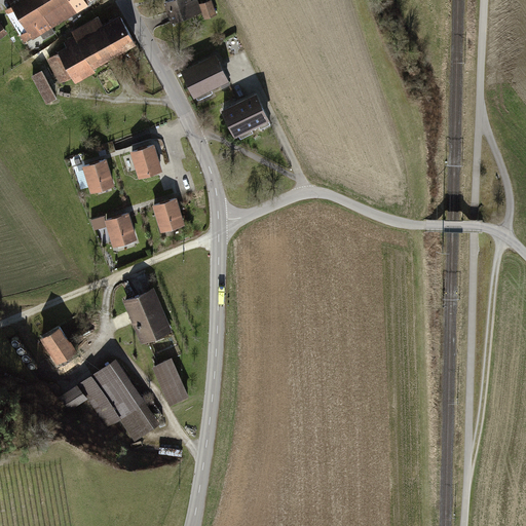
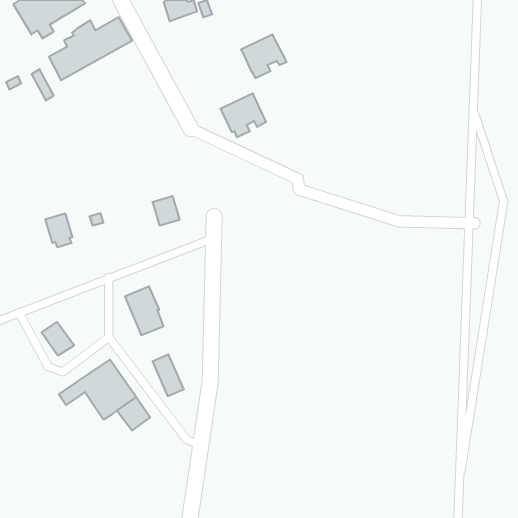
building: [183,57,229,101] -> [241,34,287,78]
building: [132,146,159,176] -> none
building: [76,160,112,190] -> none
building: [106,214,134,248] -> [45,214,73,247]

